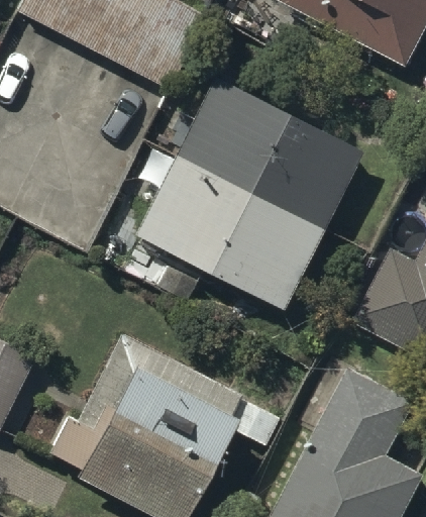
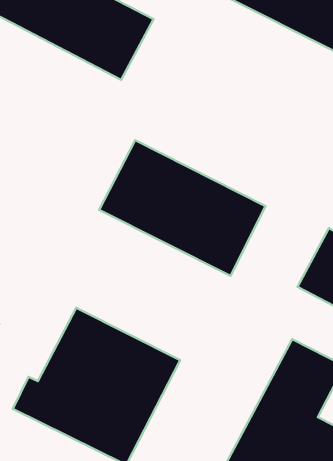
building: [183,84,363,229] -> none

